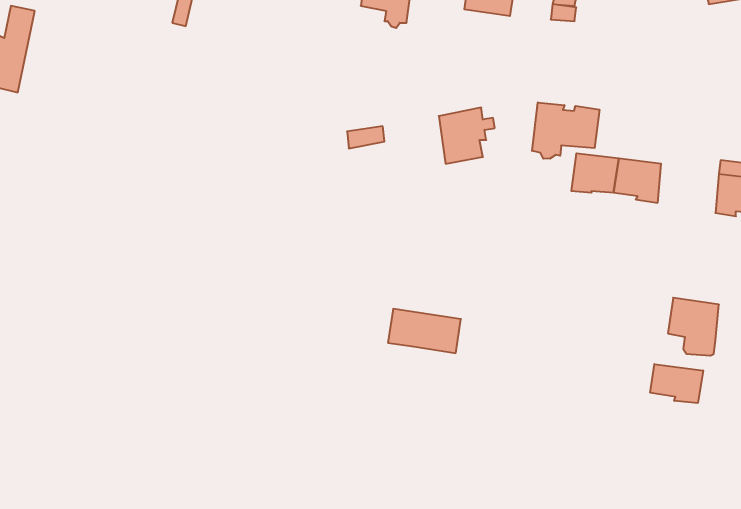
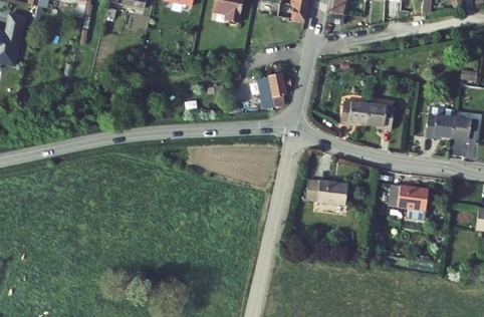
building: [532,102,599,159] -> none
building: [388,309,461,353] -> [305,178,348,204]
building: [650,364,703,403] -> none

